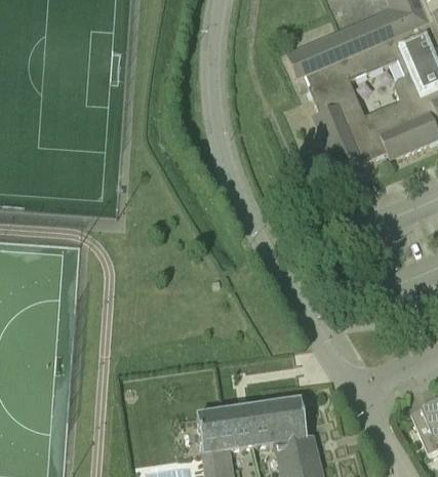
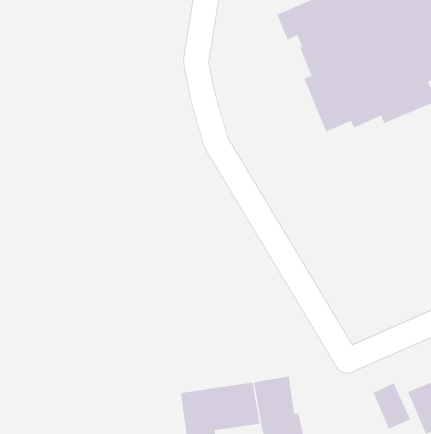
building: none -> [373,383,411,430]

